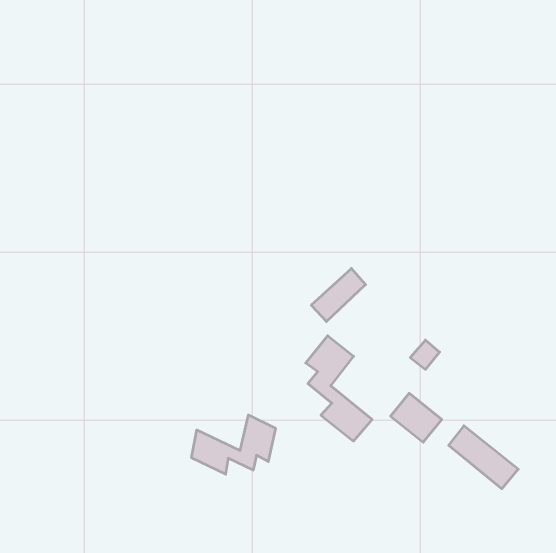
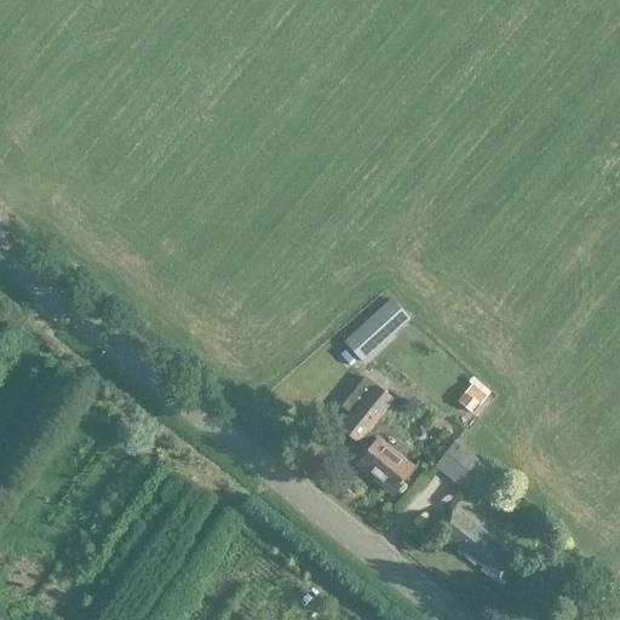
building: [192,415,275,474] -> none
building: [449,426,518,489] -> [438,506,516,576]

